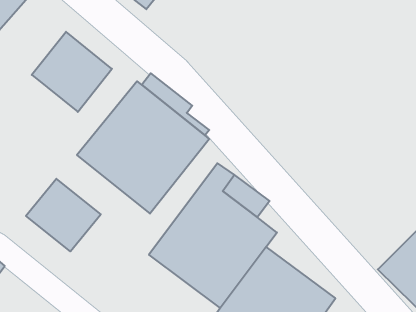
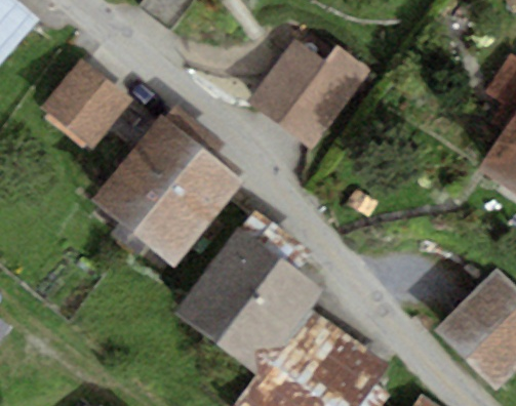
building: none -> [247,39,373,153]
building: [26,179,101,251] -> none

